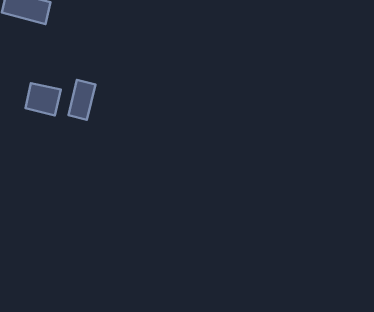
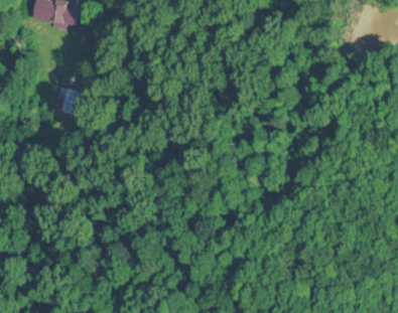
building: [68,80,95,120] -> none

